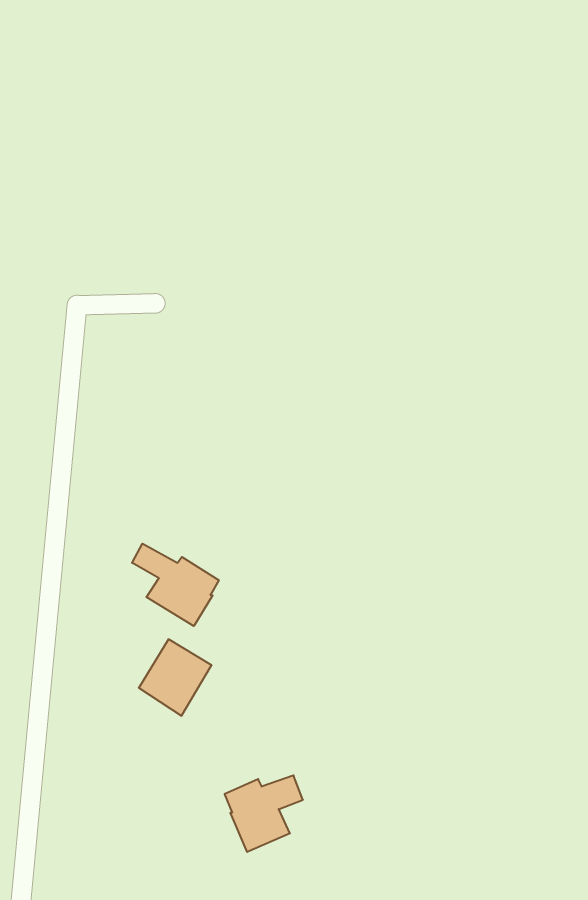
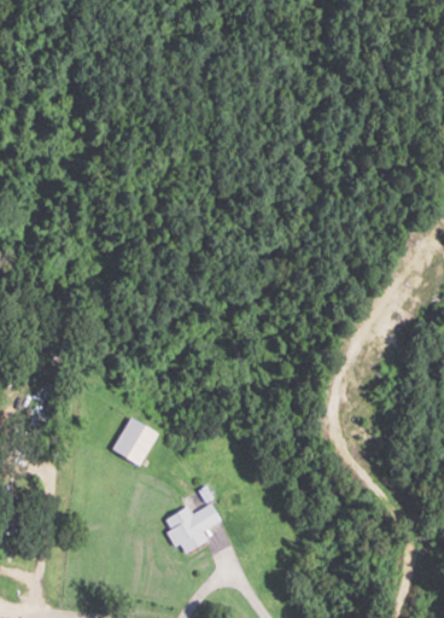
building: [132,544,219,626] -> none

